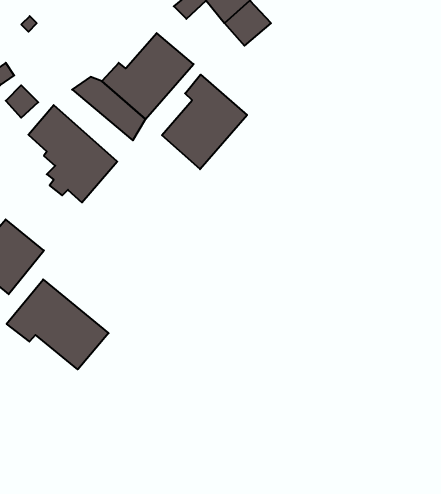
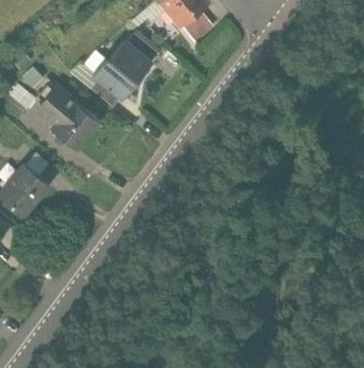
building: [162,75,247,169] -> none
building: [7,279,109,369] -> none

